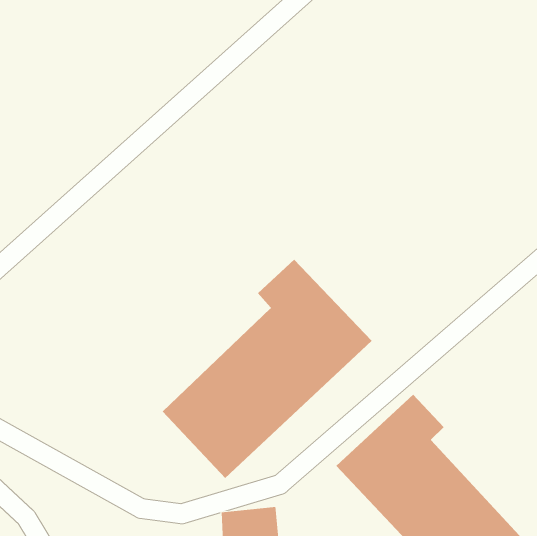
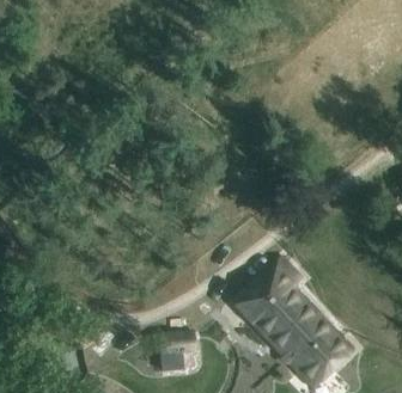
building: [162,259,372,479] -> none

